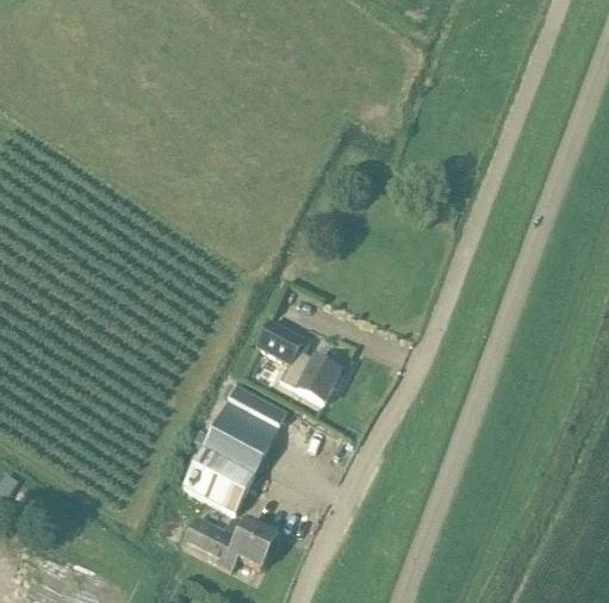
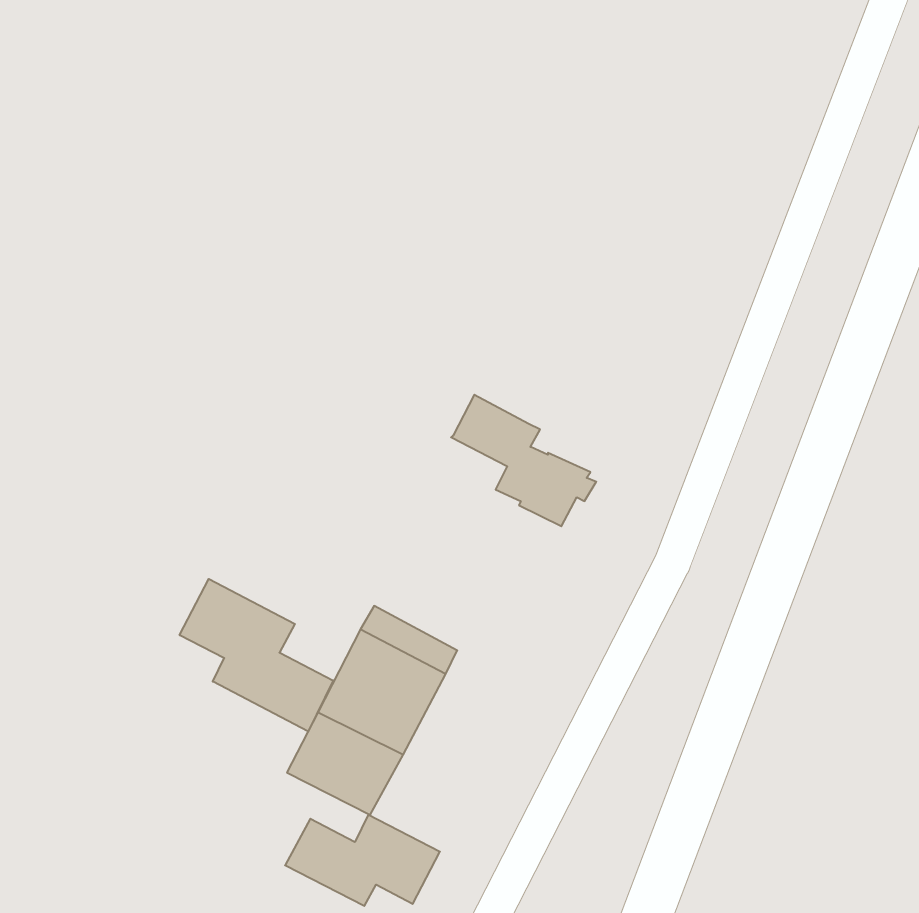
building: [255,319,344,400] -> [451,395,596,526]
building: none -> [180,579,333,731]

